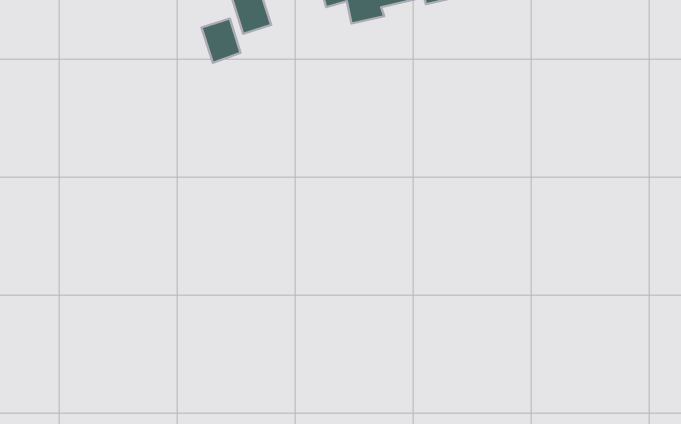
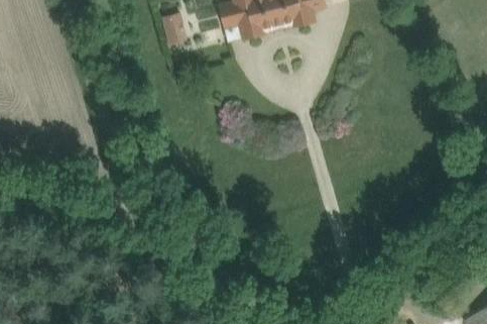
building: [201,19,240,63] -> none

